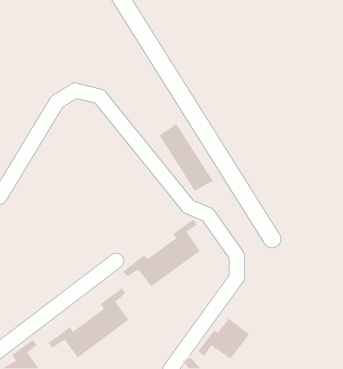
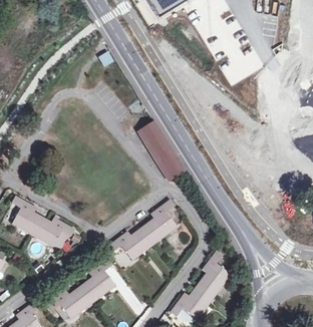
building: none -> [12,197,75,244]
building: none -> [197,250,231,297]

